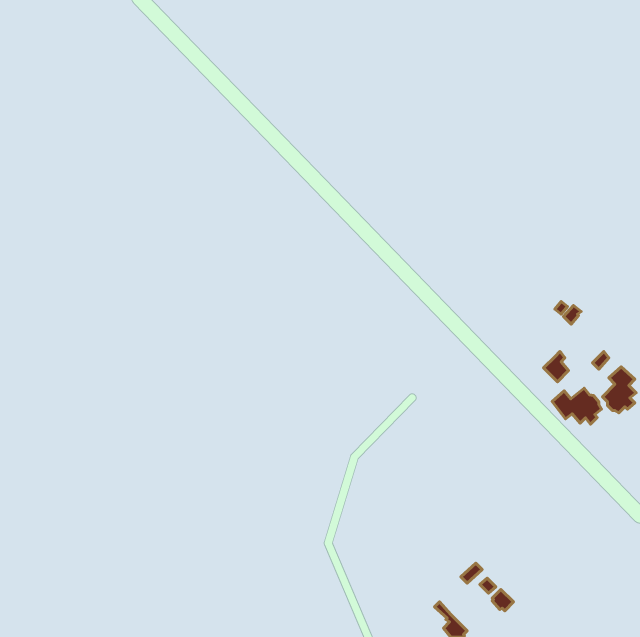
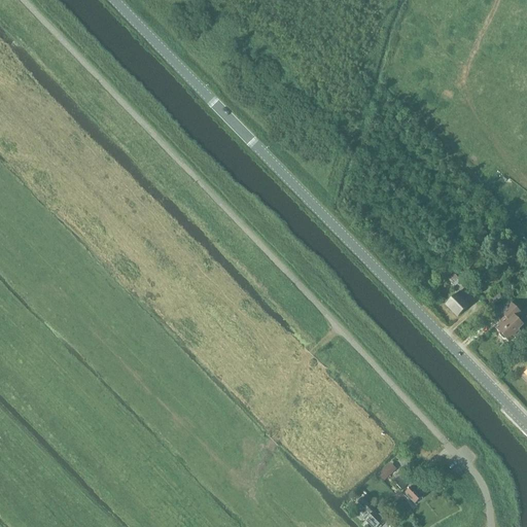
building: [552,388,601,424] -> none

